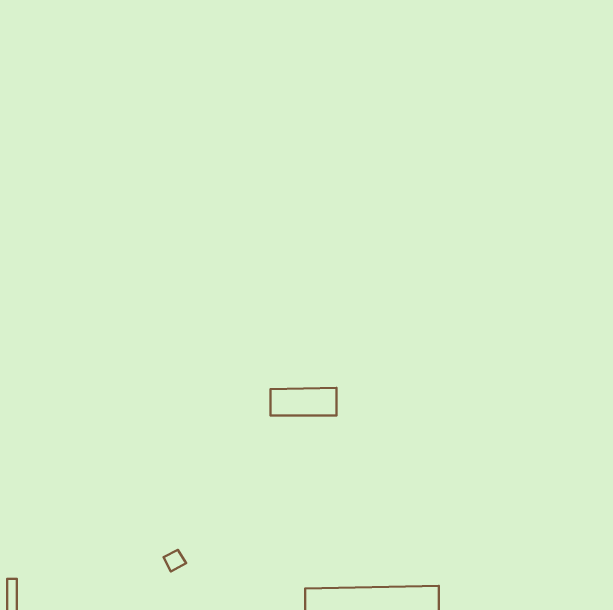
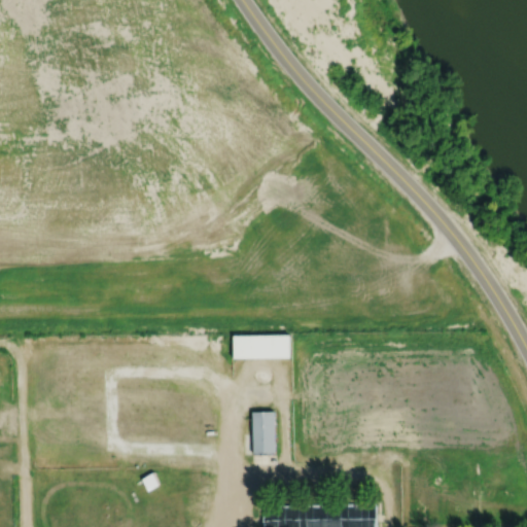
building: none -> [252,413,275,455]

